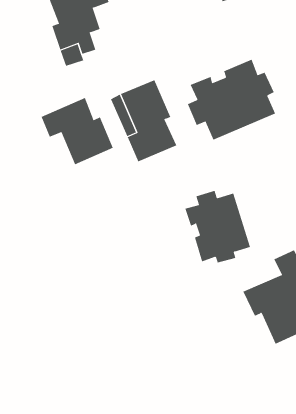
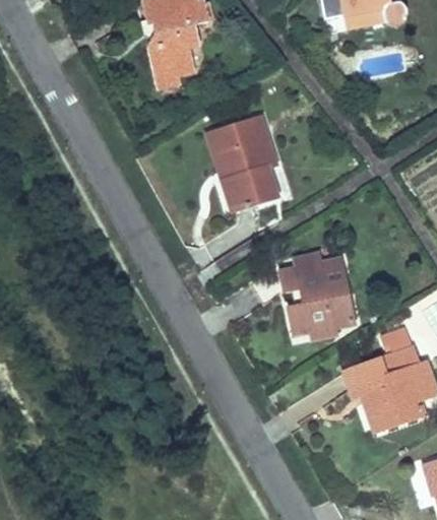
building: [187,59,276,140] -> none
building: [41,97,113,165] -> none

